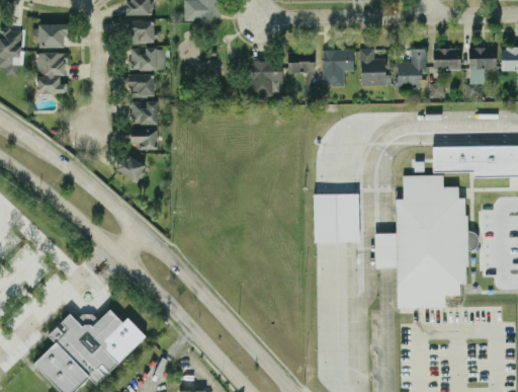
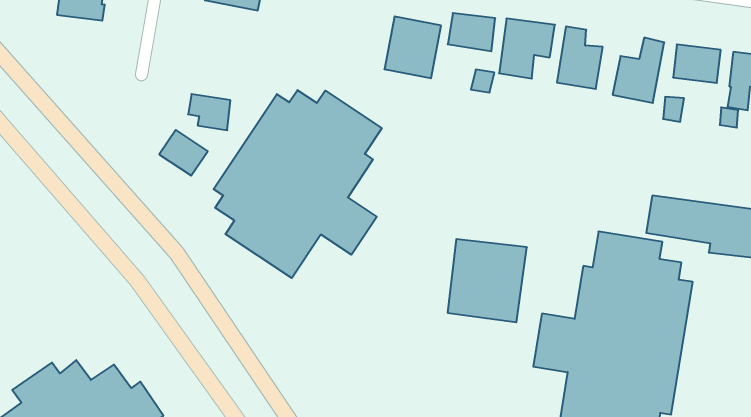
building: [127,74,154,97] -> none
building: [131,101,158,125] -> none
building: none -> [214,90,382,278]

